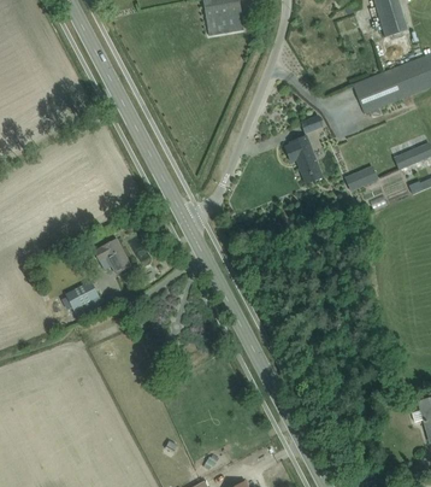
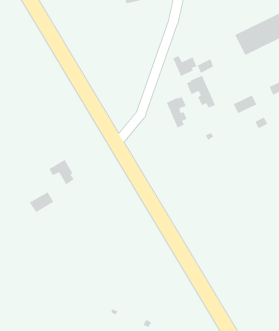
building: none -> [172,55,197,77]
building: none -> [166,96,187,128]

